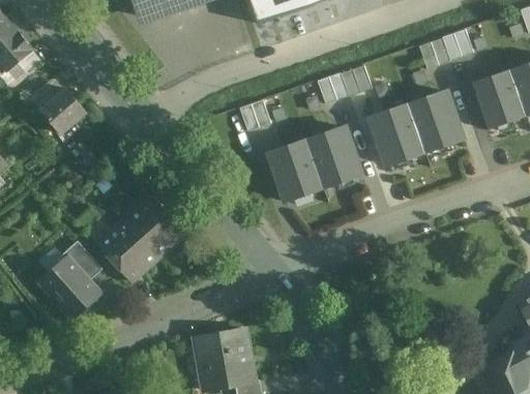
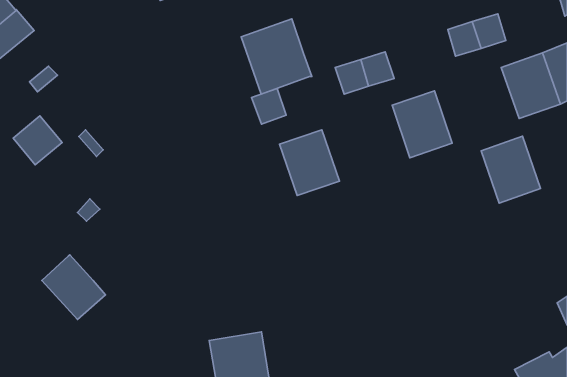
building: none -> [241,19,312,94]
building: [41,88,87,133] -> [13,116,62,165]
building: [406,91,461,153] -> [481,136,540,203]
building: [301,127,356,188] -> none
building: [99,195,186,281] -> none
building: [62,240,102,280] -> none

